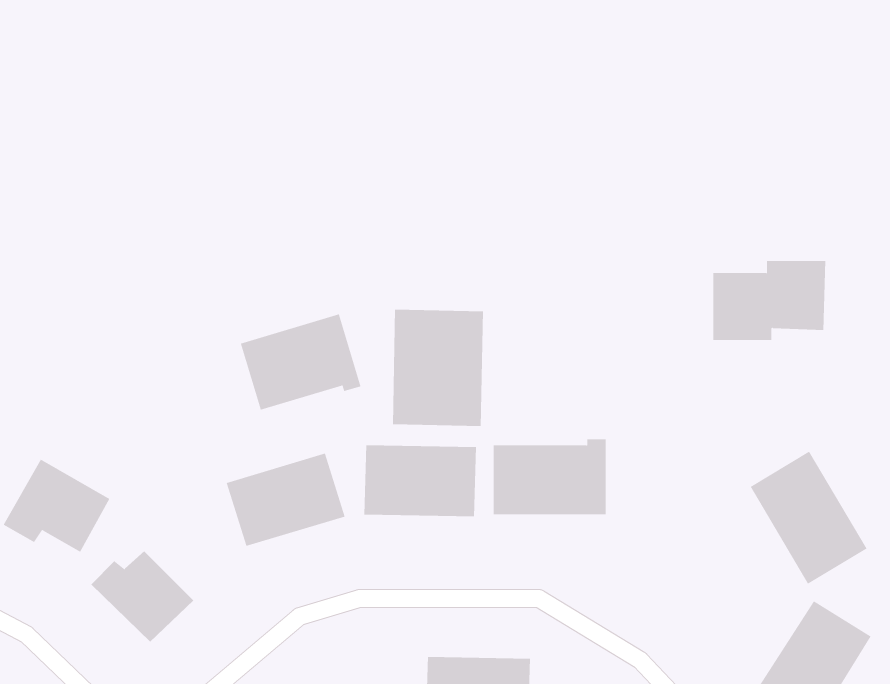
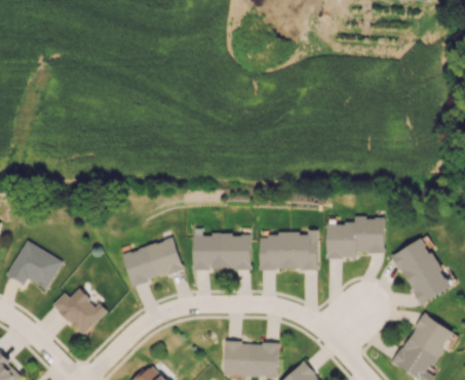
building: [712,261,826,340] -> [326,217,385,258]
building: [392,309,483,427] -> none
building: [240,313,361,411] -> none

